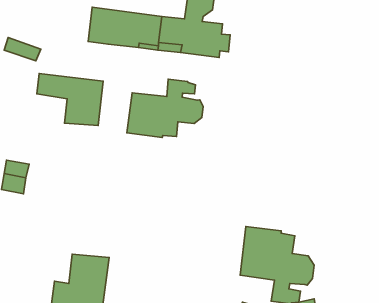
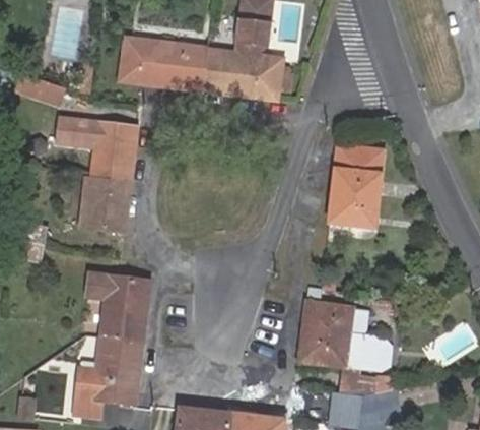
building: [127,79,203,137] -> none
building: none -> [330,145,383,227]
building: none -> [80,176,131,232]
building: none -> [86,271,152,340]

